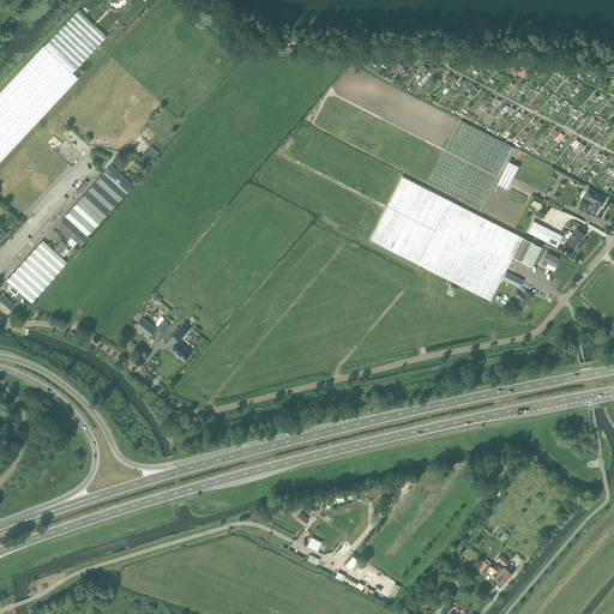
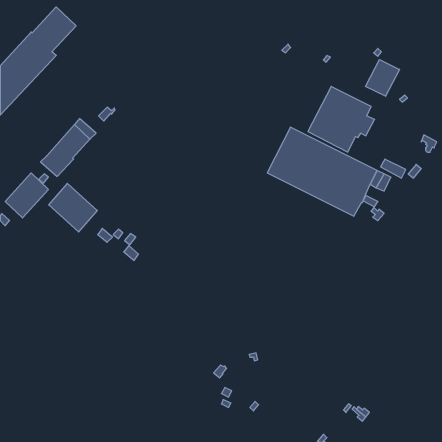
building: none -> [366,60,400,96]
building: none -> [49,183,97,232]

